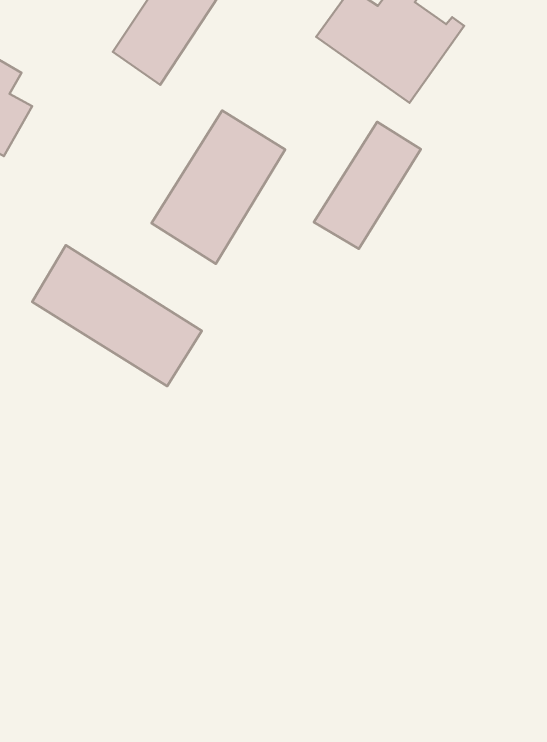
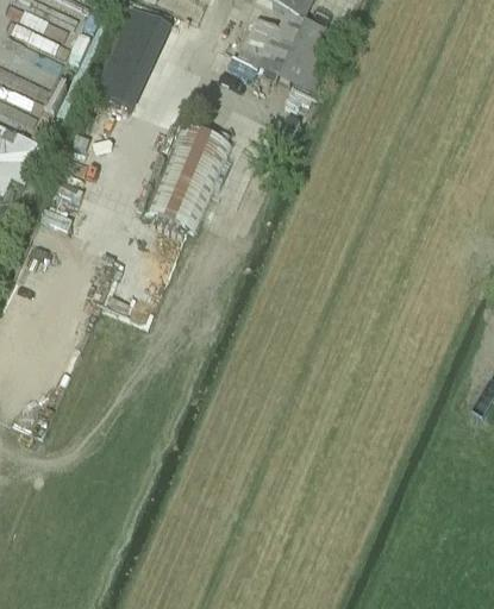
building: [314,122,421,249] -> none
building: [32,245,202,386] -> none

